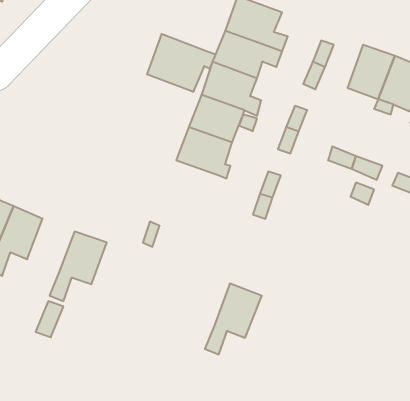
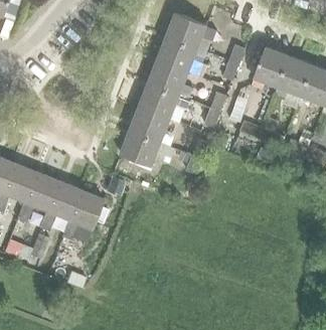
building: [147,34,215,92] -> none
building: none -> [121,131,161,166]
building: none -> [15,173,56,223]
building: [205,283,262,354] -> [61,190,103,241]

